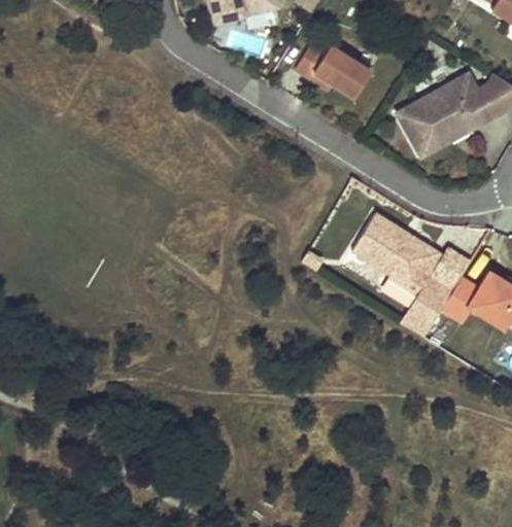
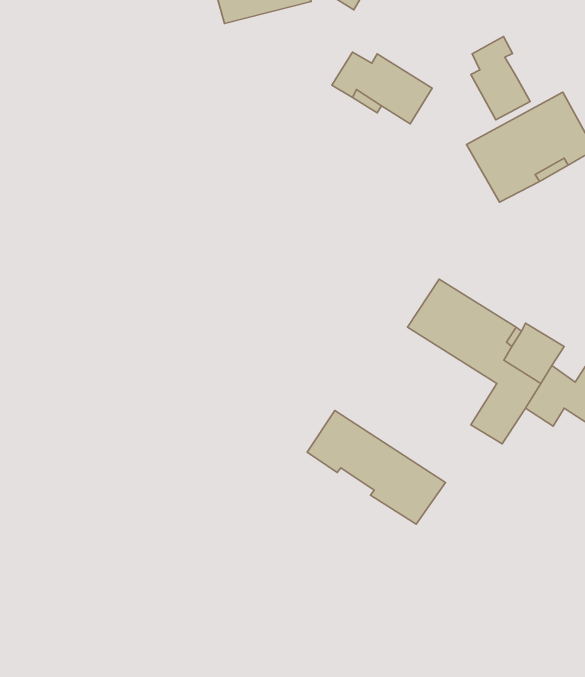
building: none -> [471,36,530,120]
building: none -> [307,410,445,524]

